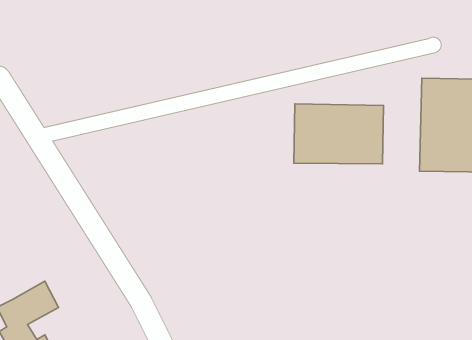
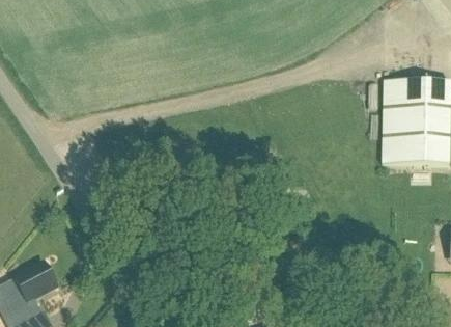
building: [294,104,383,164] -> none

